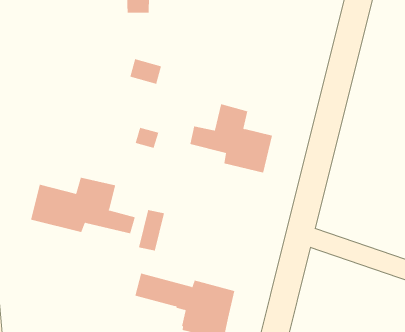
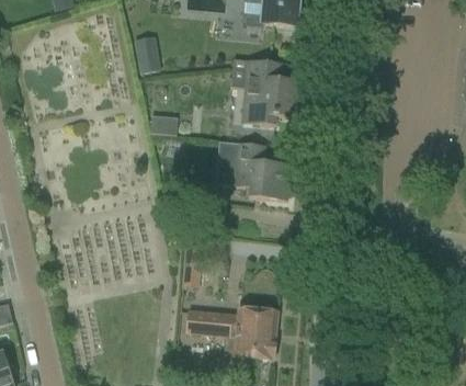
building: none -> [231,58,297,125]
building: [31,177,135,234] -> none

